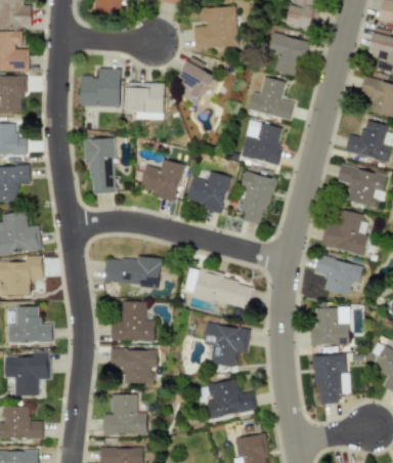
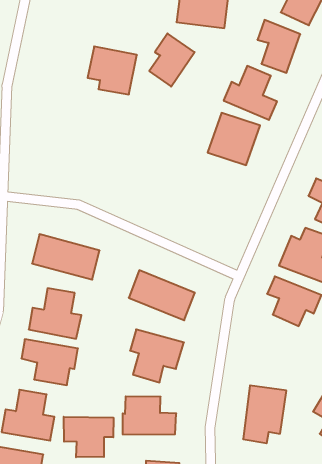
building: [80,69,121,108] -> none
building: [83,137,116,194] -> none
building: [139,159,184,200] -> none
building: [186,171,230,214] -> none
building: [239,171,274,225] -> none
building: [310,307,350,345] -> none
building: none -> [64,417,113,457]

